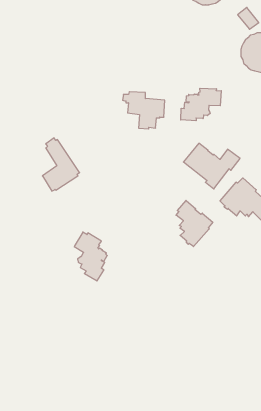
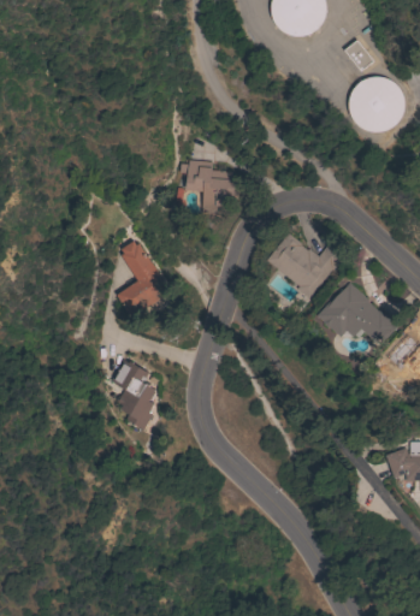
building: [181,88,221,121] -> none
building: [42,138,80,191] -> [117,241,170,316]
building: [176,200,213,247] -> none

